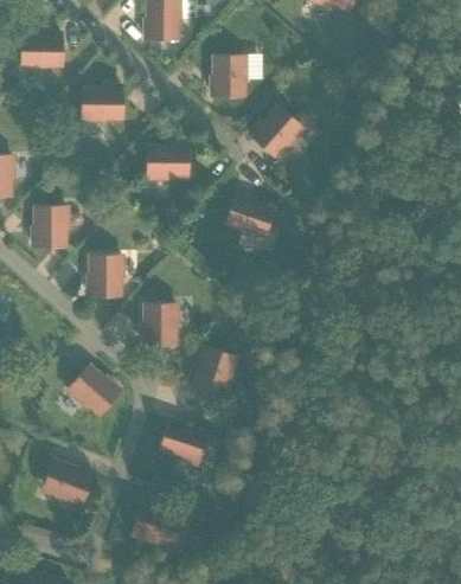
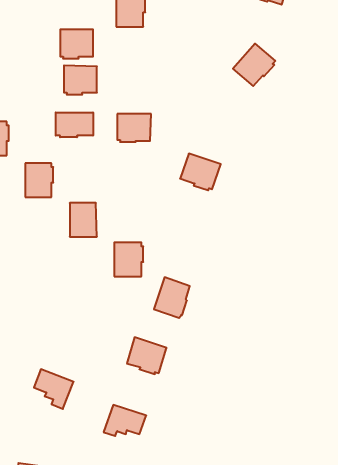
building: [21,34,62,70] -> [60,29,93,59]
building: [212,56,248,97] -> none
building: [250,105,302,158] -> [233,44,275,86]
building: none -> [56,112,93,137]
building: [68,365,120,416] -> none

